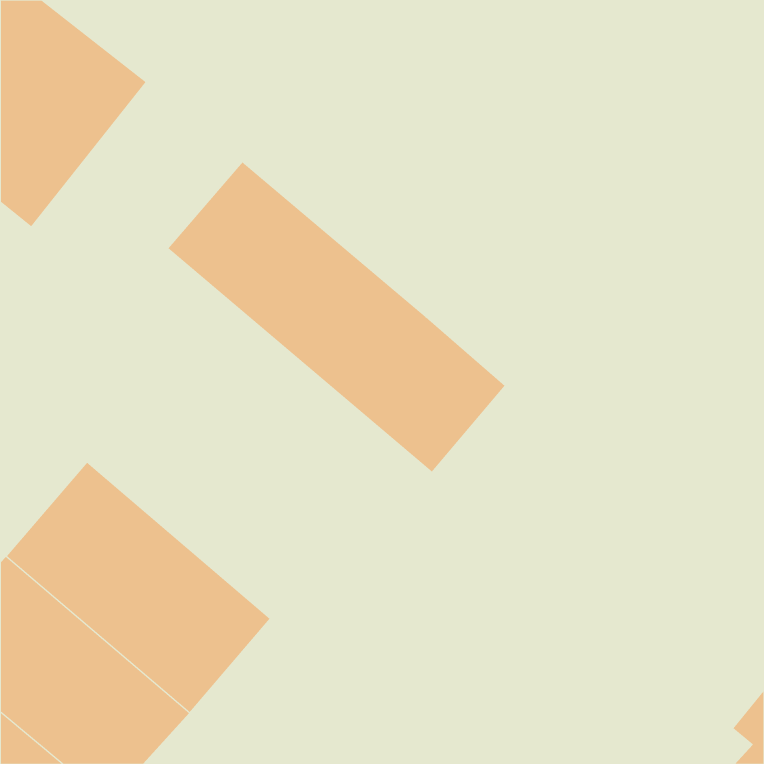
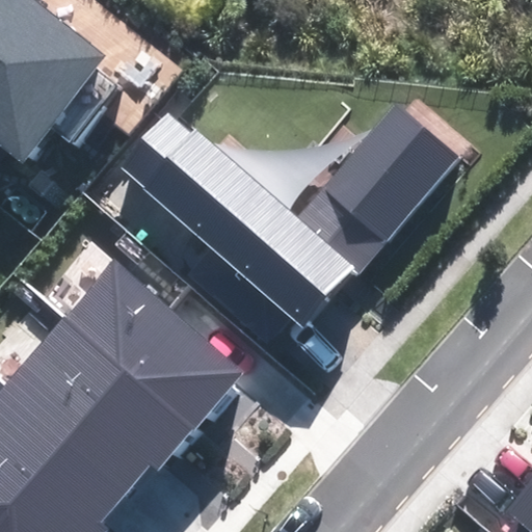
building: none -> [296,105,458,274]
building: none -> [60,258,242,430]

